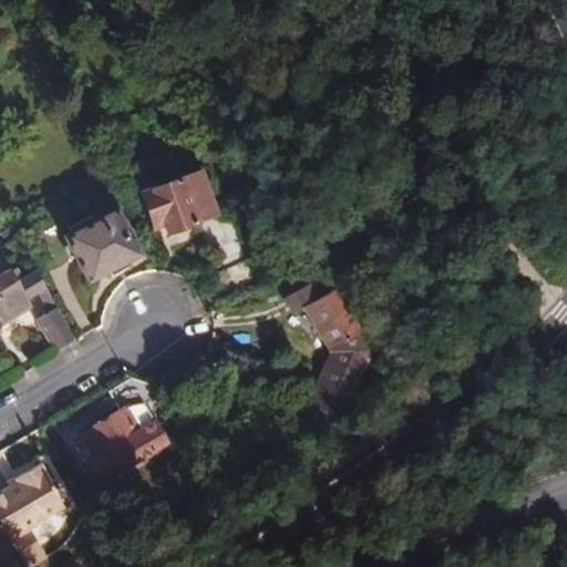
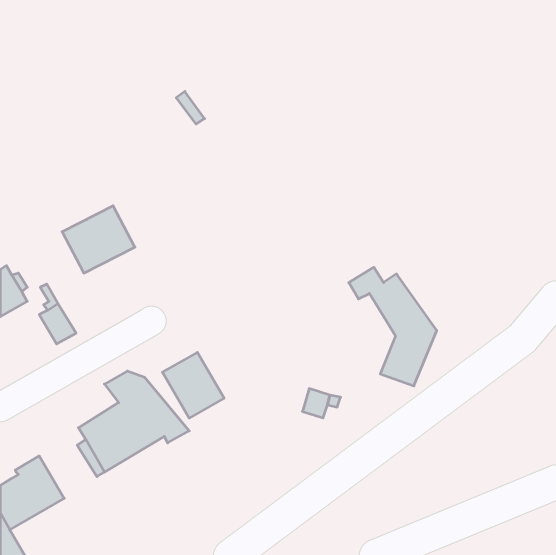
building: [141,171,217,235] -> none
building: [284,284,373,404] -> [349,267,437,386]
building: none -> [162,352,224,418]

